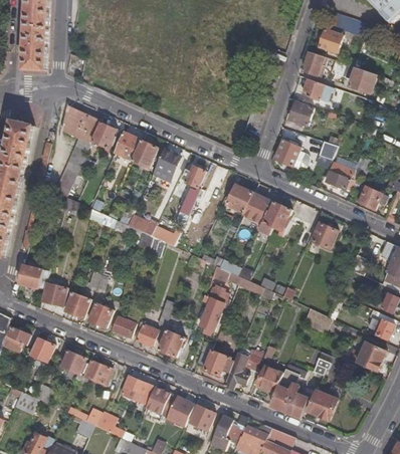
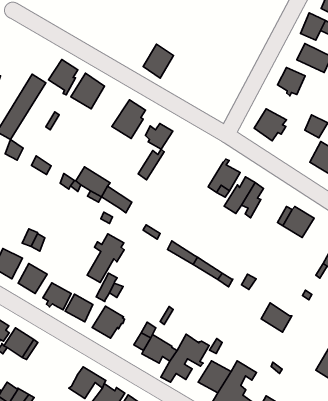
building: [59,104,98,144] -> none
building: [131,140,156,169] -> [143,44,174,78]
building: [225,185,251,213] -> none
building: [199,288,228,331] -> [87,234,124,283]
building: [120,375,154,404] -> none

